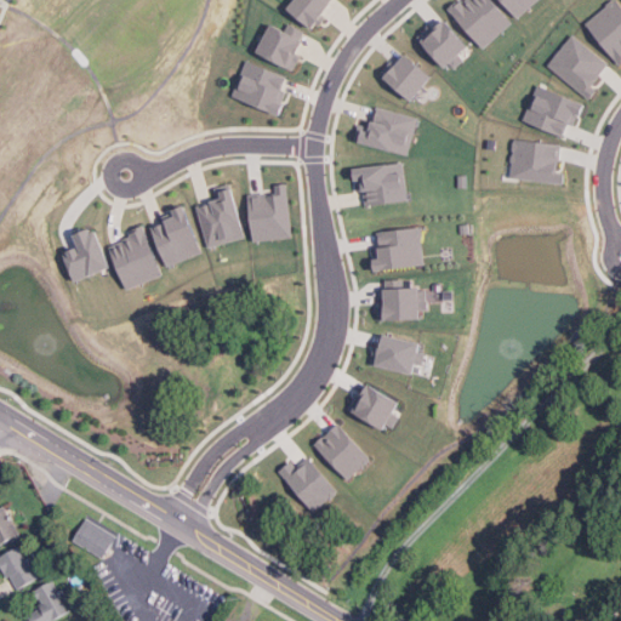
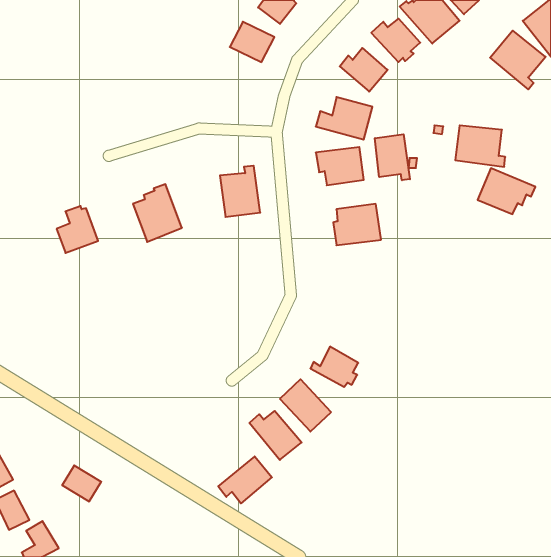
building: [229,59,285,116] -> none
building: [522,85,586,136] -> [478,168,535,214]
building: none -> [375,134,410,180]
building: [194,183,243,249] -> none
building: [108,224,161,290] -> none
building: [375,289,420,321] -> none
building: [368,336,422,375] -> none
building: none -> [218,456,272,503]

